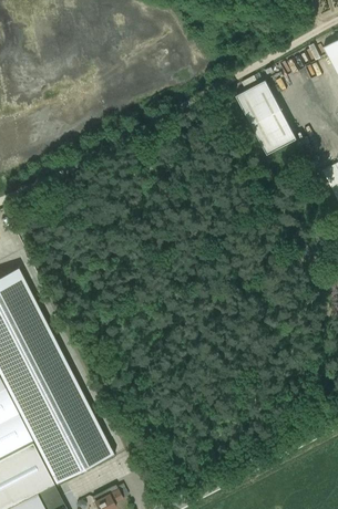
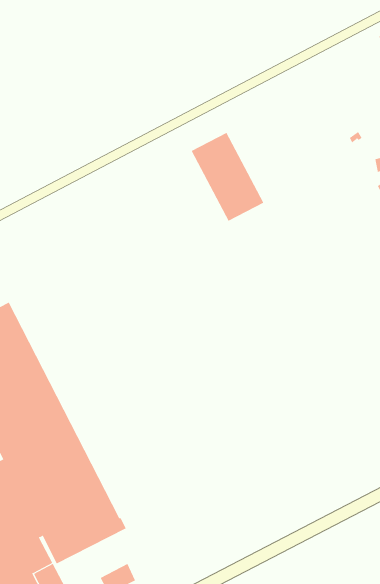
building: [235,81,296,155] -> [191,132,264,221]

